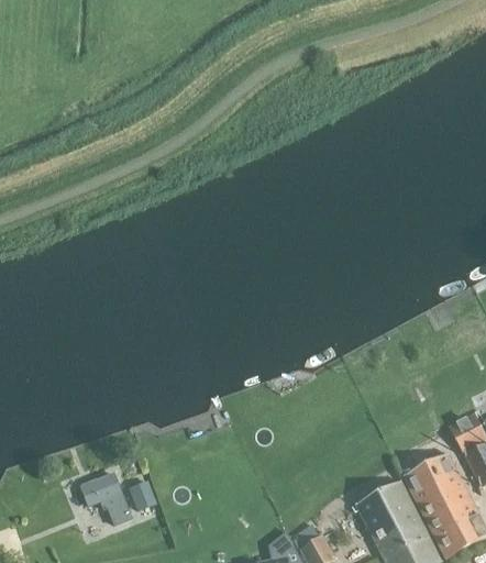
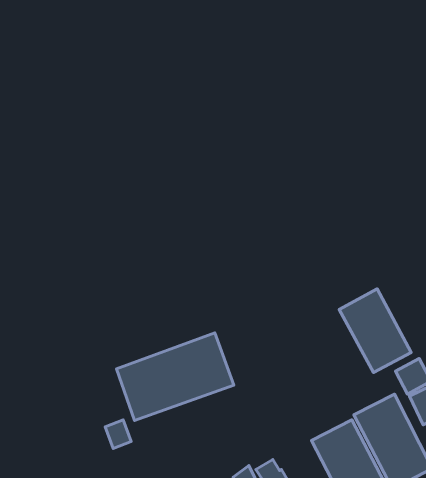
building: none -> [339,289,411,372]
building: none -> [116,333,234,421]
building: [80,474,130,525] -> none

